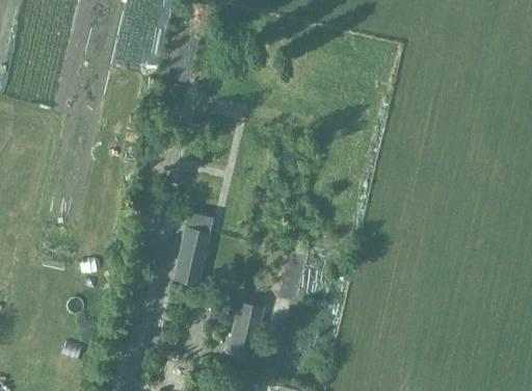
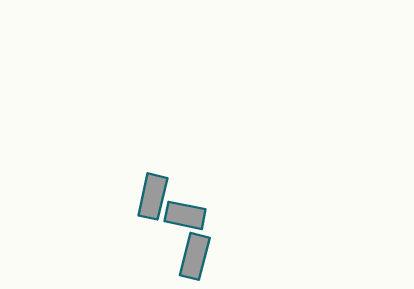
building: none -> [164,202,206,229]

